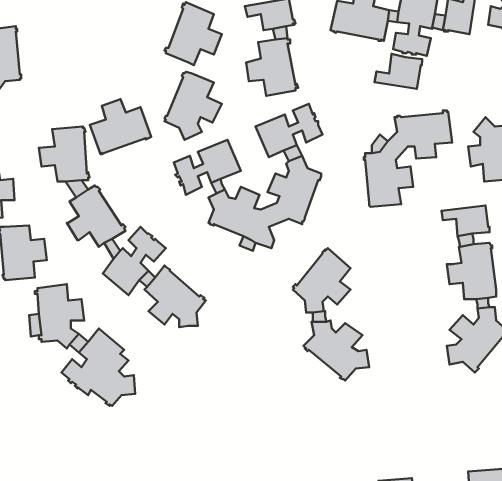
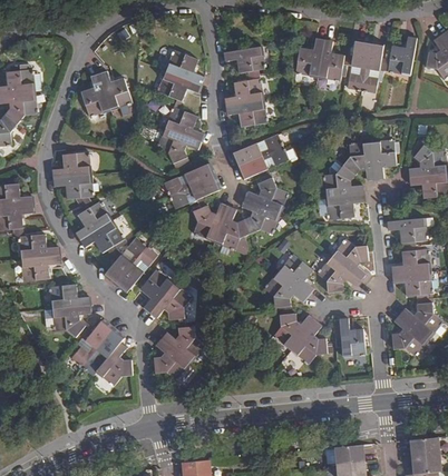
building: [375,54,422,89] -> none
building: [90,99,151,154] -> [80,71,132,117]
building: none -> [316,239,368,291]
building: none -> [339,318,364,357]
building: none -> [154,326,204,379]

